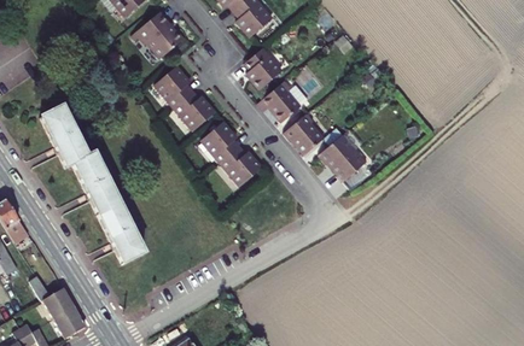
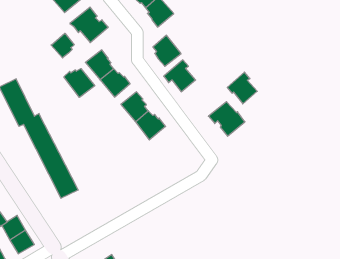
building: none -> [51,33,74,58]
building: none -> [64,69,95,97]
building: [284,112,324,154] -> [227,72,257,104]

